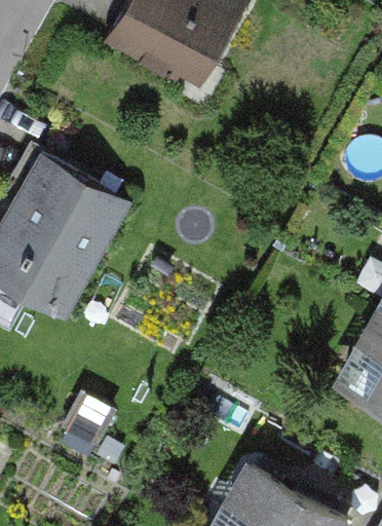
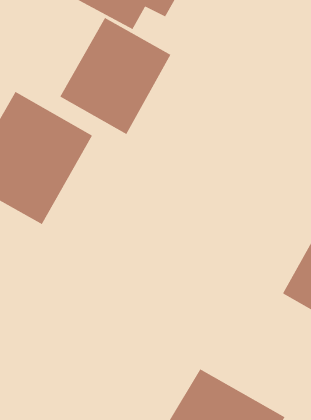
building: none -> [60,17,171,135]

